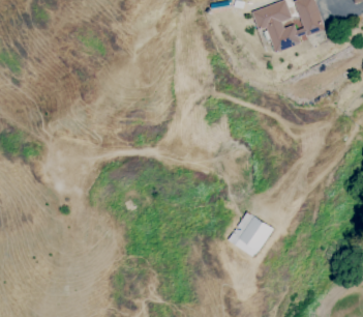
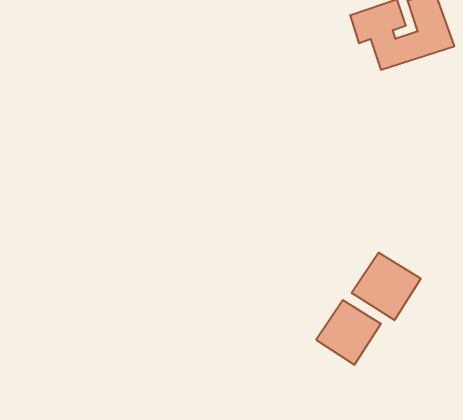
building: none -> [352,253,421,320]

